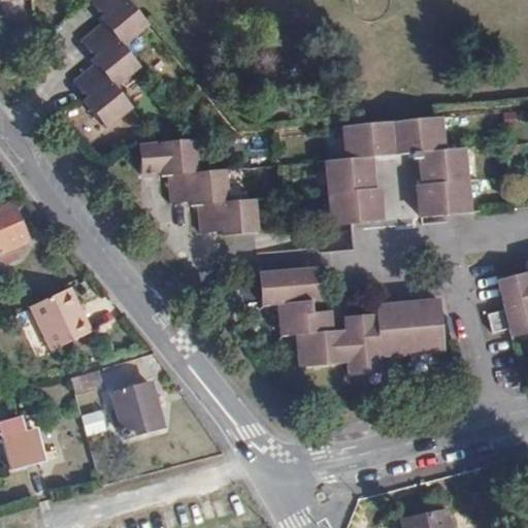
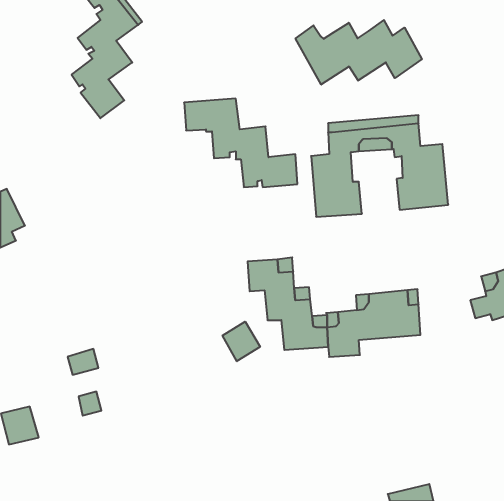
building: none -> [296,20,422,85]
building: [139,142,257,234] -> [184,99,297,187]
building: [29,280,93,345] -> none
building: none -> [223,322,260,361]
building: [114,377,165,429] -> none

